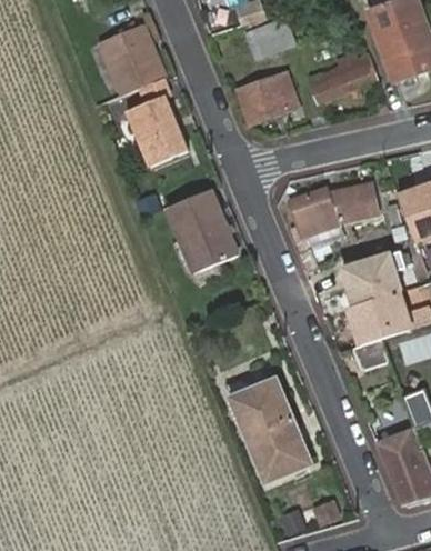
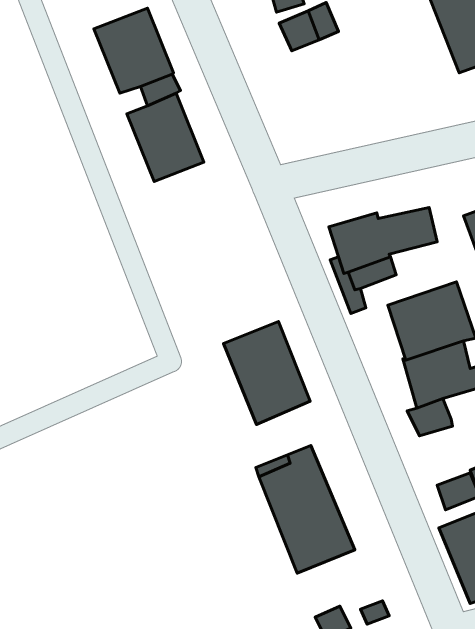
building: [311,57,378,103] -> none
building: [241,77,297,120] -> none
building: [166,189,235,272] -> [224,321,310,425]

